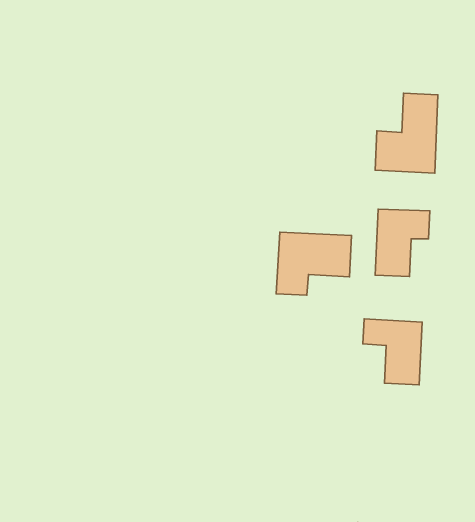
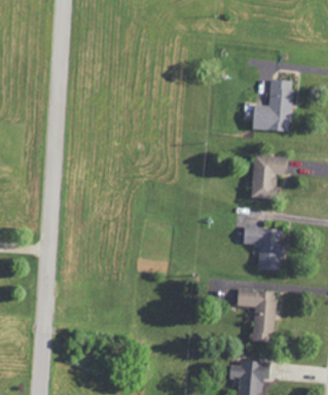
building: [276,232,351,295] -> none
building: none -> [236,289,278,344]

